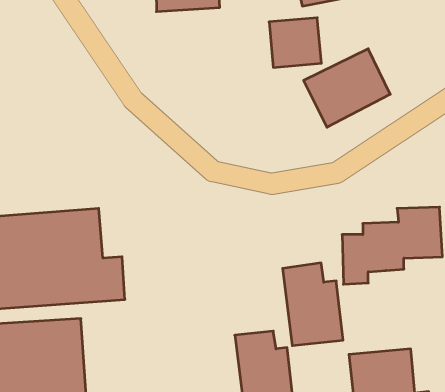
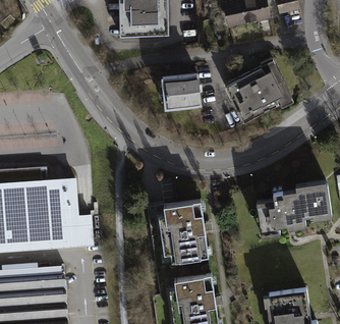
building: [269,18,321,67] -> [160,75,199,112]
building: [283,263,343,346] -> [164,196,209,257]

